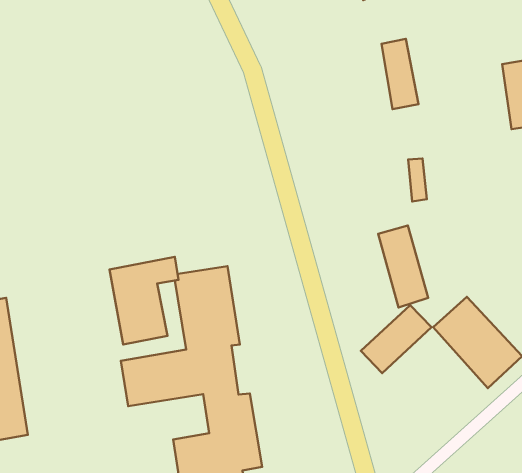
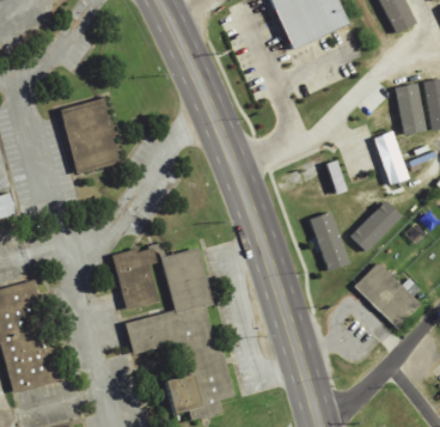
building: [381,39,419,109] -> [377,133,407,185]
building: none -> [60,98,121,175]
building: [361,305,432,373] -> [350,201,402,252]

